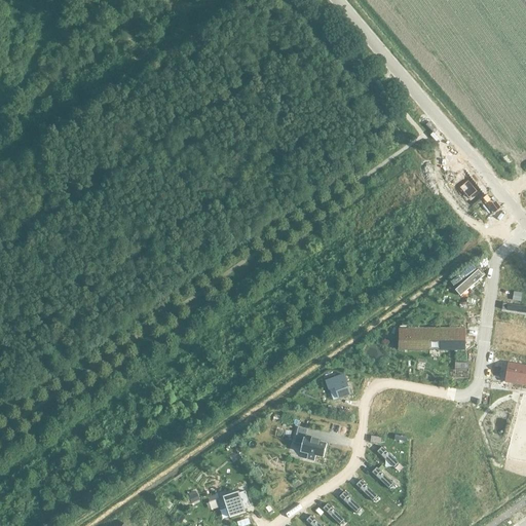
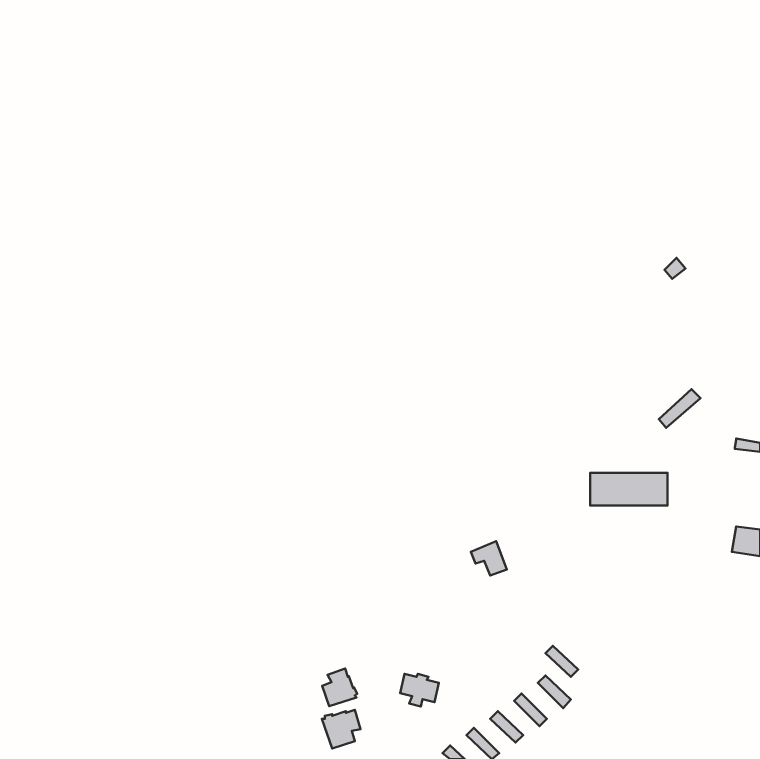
building: [299,437,326,459] -> [400,674,439,707]
building: none -> [322,669,357,706]

